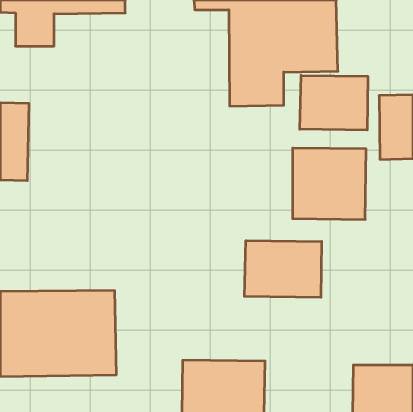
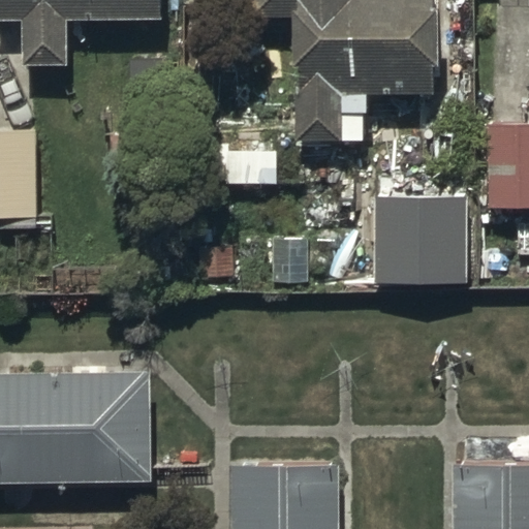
building: [300,75,368,130] -> none
building: [244,241,322,297] -> none

